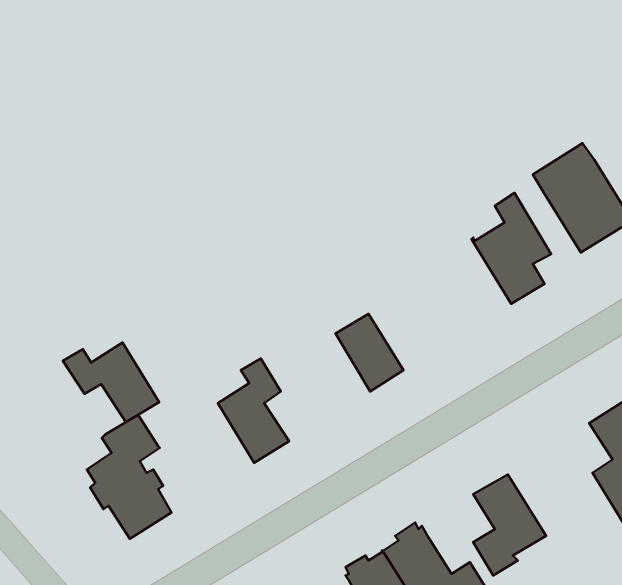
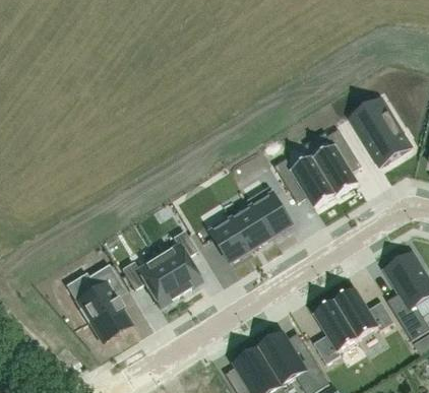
building: none -> [275,156,338,207]
building: none -> [248,186,293,237]
building: none -> [208,214,251,262]
building: [63,343,159,422] -> [121,257,180,306]
building: none -> [335,287,394,338]

